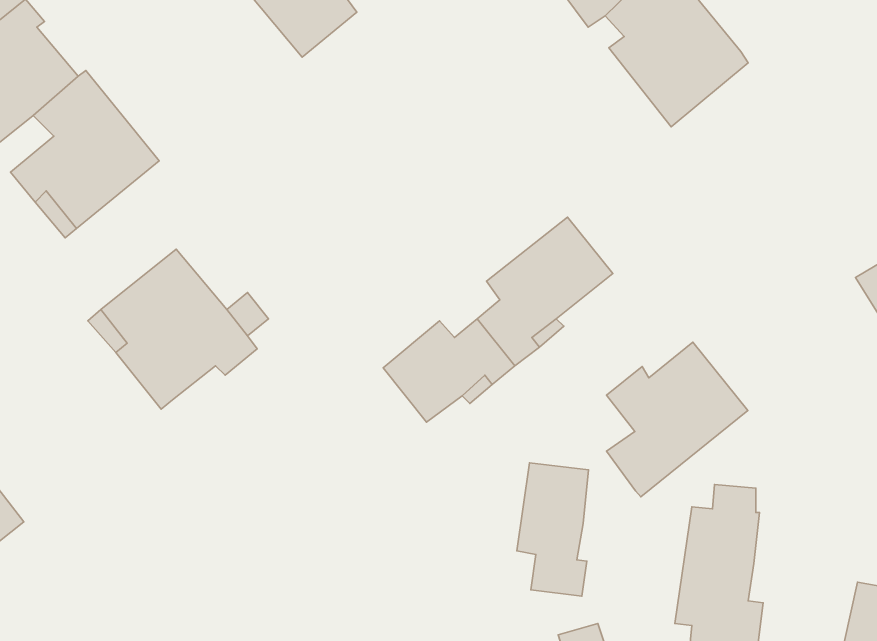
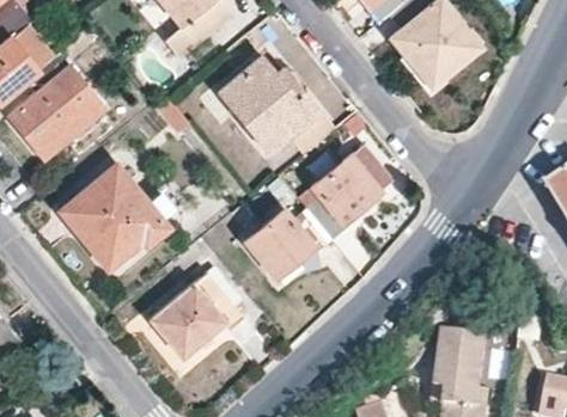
building: none -> [218,55,334,153]
building: [606,342,748,497] -> none
building: none -> [148,271,243,355]
building: [517,463,588,596] -> none

